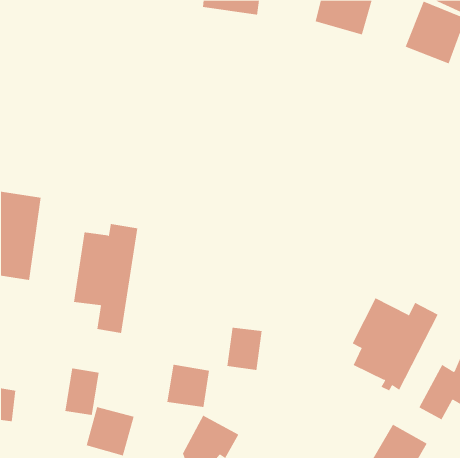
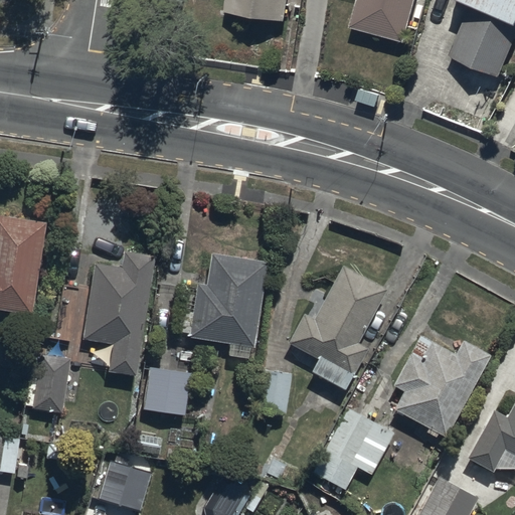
building: none -> [178,252,267,358]
building: none -> [288,265,387,390]
building: none -> [312,407,394,491]
building: [166,364,210,407] -> [143,367,191,415]
building: [64,368,100,416] -> [32,360,71,413]

